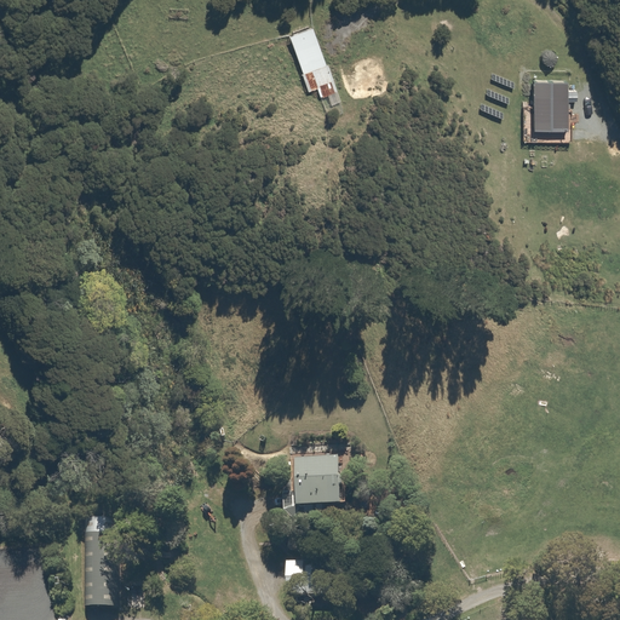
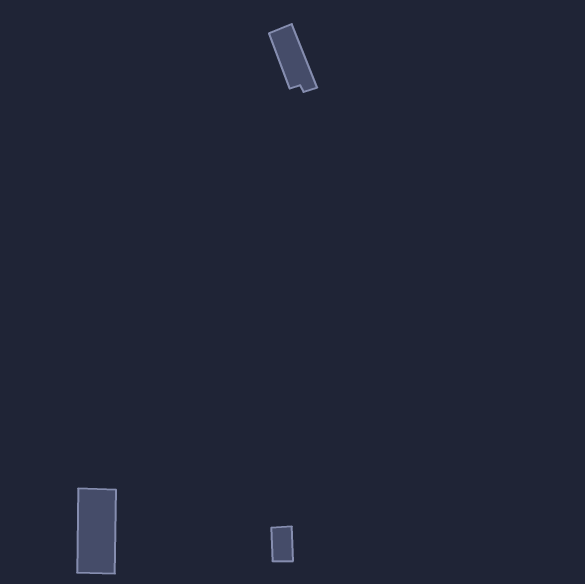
building: [533,82,576,131] -> none
building: [293,455,345,504] -> none

